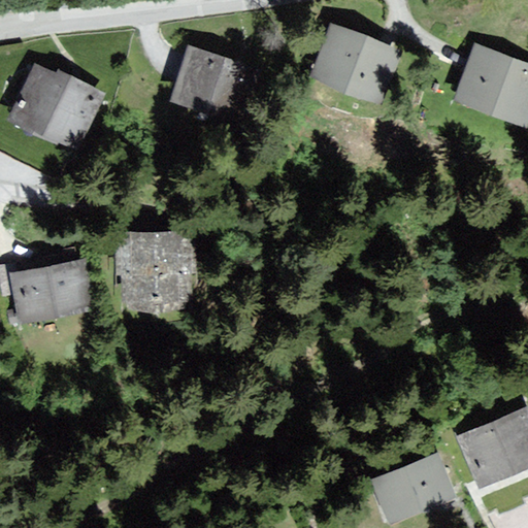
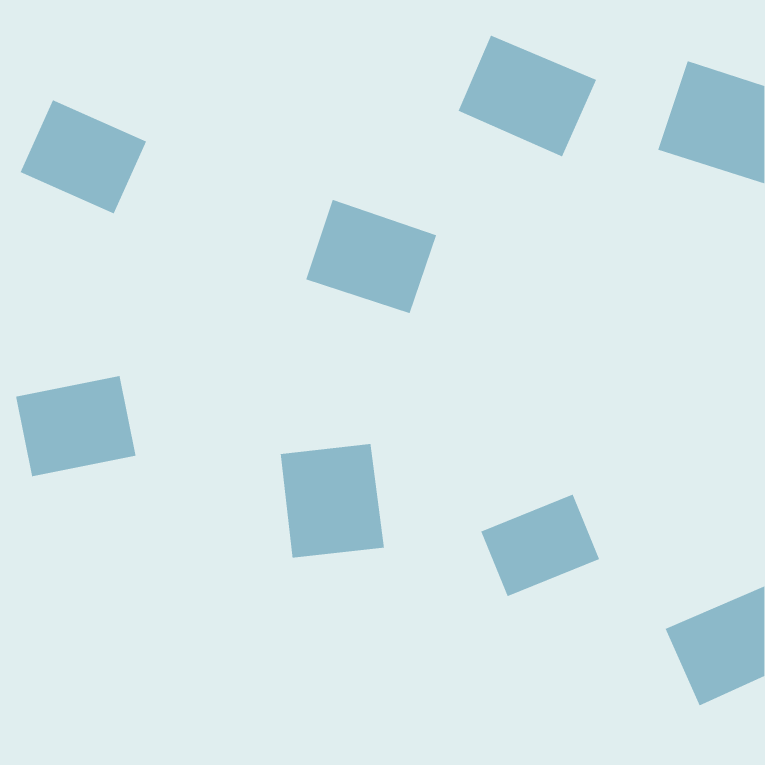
building: [173,47,264,127] -> [305,199,437,314]
building: [116,231,188,310] -> [280,443,385,559]
building: [371,448,454,519] -> [480,494,600,597]

